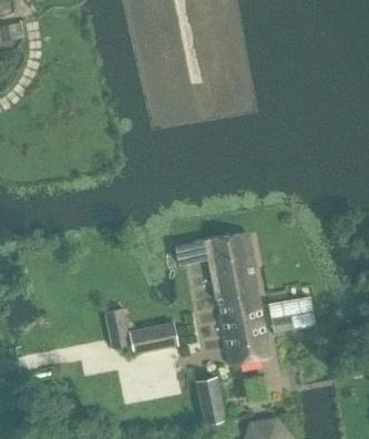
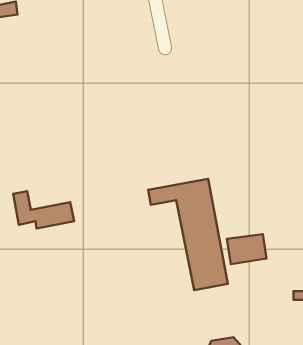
building: [105,309,177,354] -> [13,191,74,229]
building: [196,378,225,422] -> none

